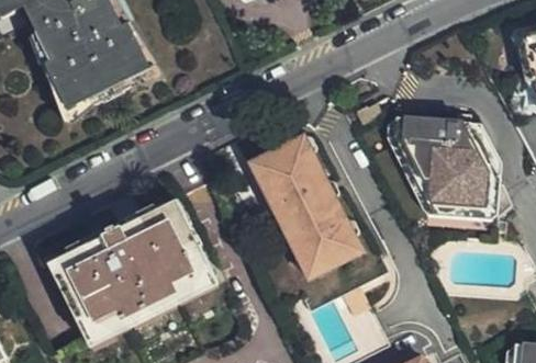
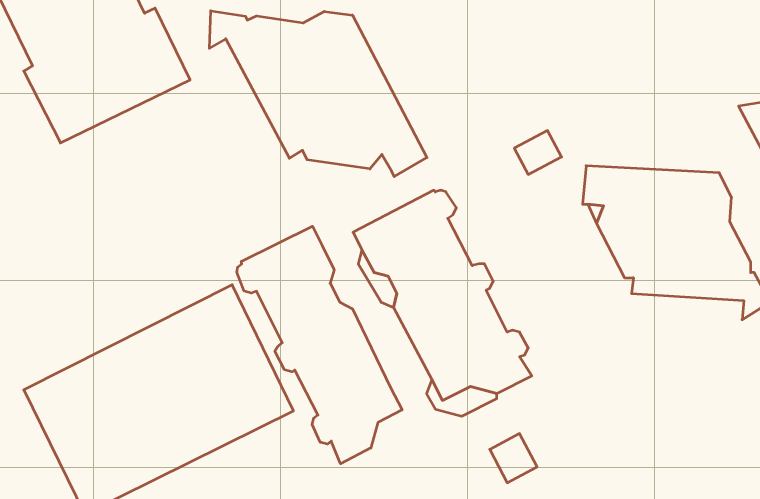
building: none -> [209,11,427,177]
building: none -> [237,226,402,464]

